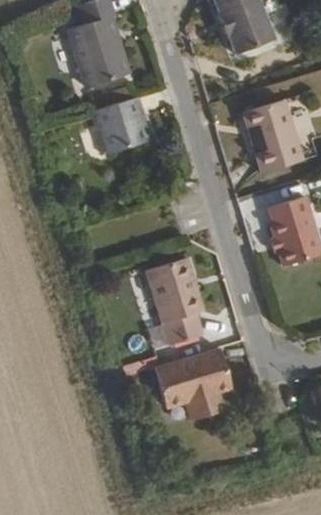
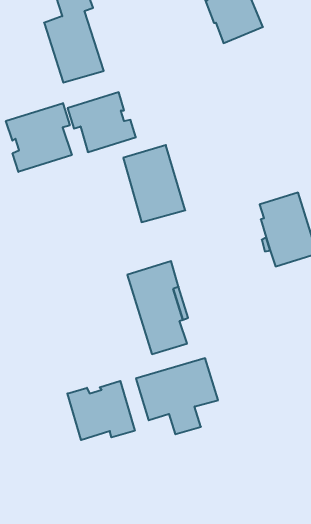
building: [246,95,304,167] -> [123,145,185,222]
building: none -> [6,103,72,172]
building: none -> [67,381,135,440]

